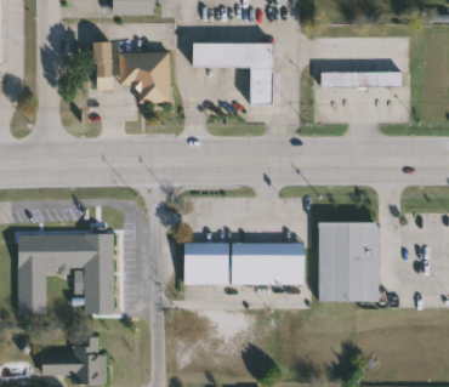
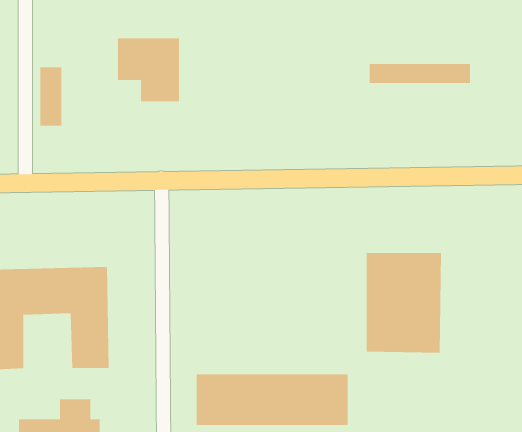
building: [93,41,112,89] -> [39,67,62,126]
building: [192,42,273,104] -> none
building: [183,244,305,285] -> [196,374,348,426]

